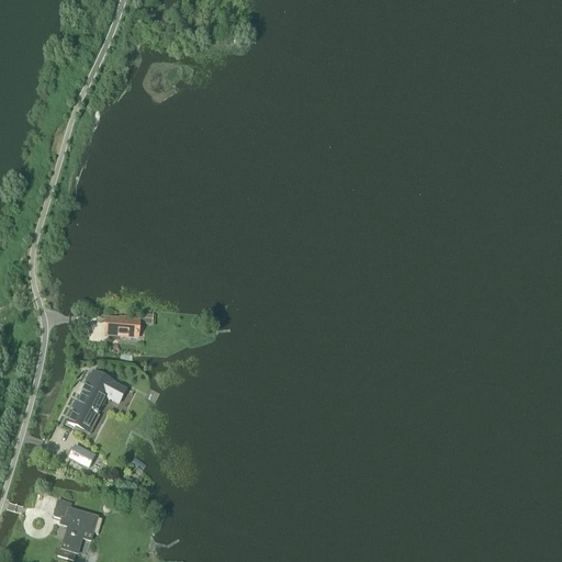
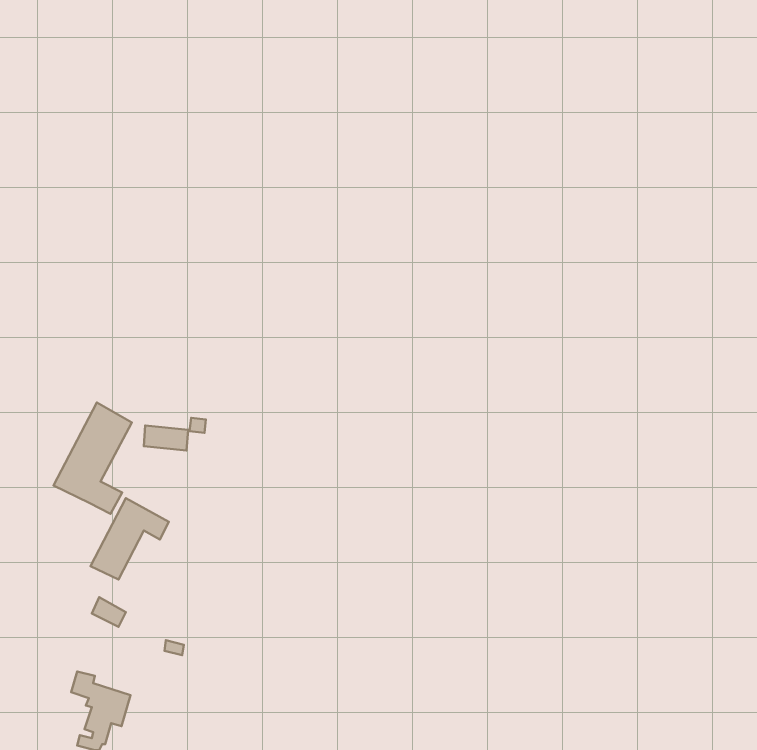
building: none -> [53,402,132,514]

